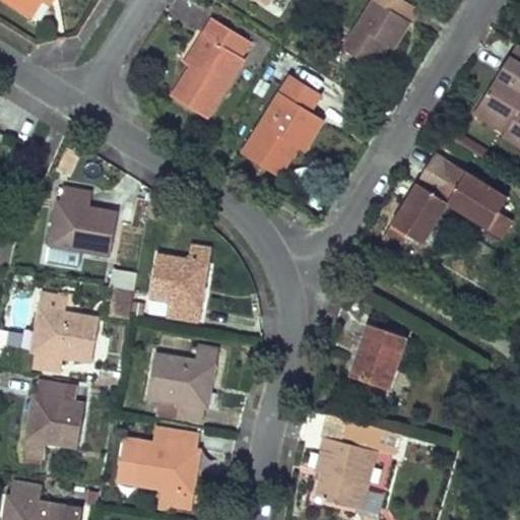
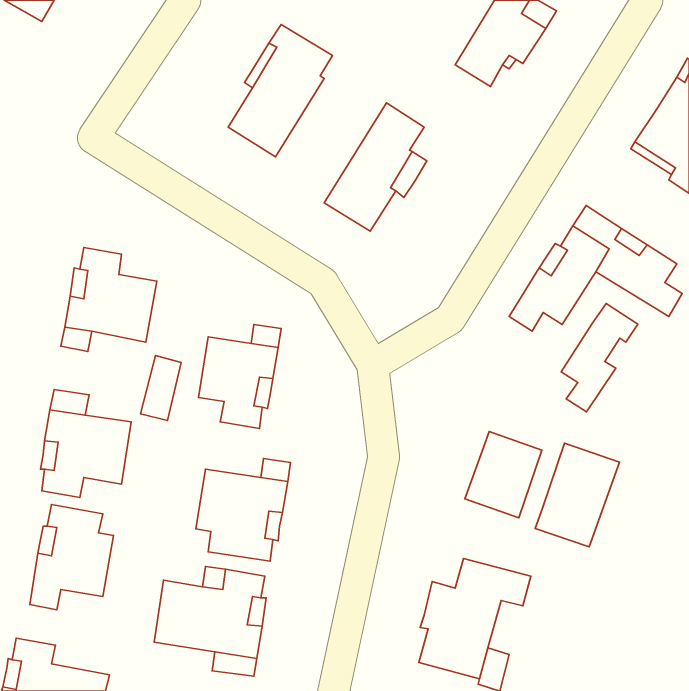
building: none -> [561,303,638,412]
building: none -> [535,443,620,547]

